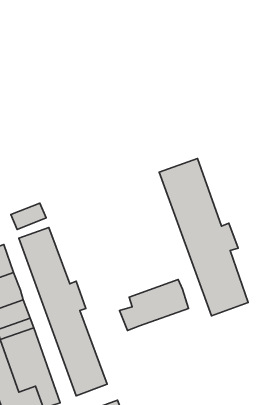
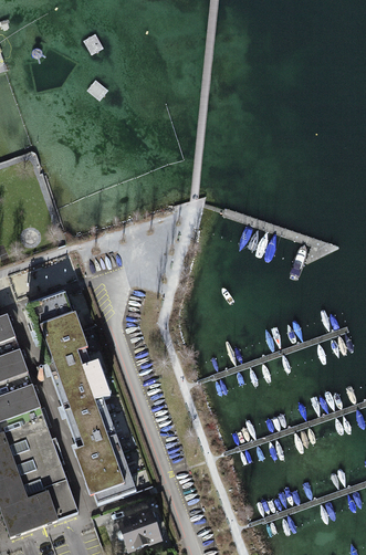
building: [159,159,248,316] -> none
building: [120,280,189,331] -> none

